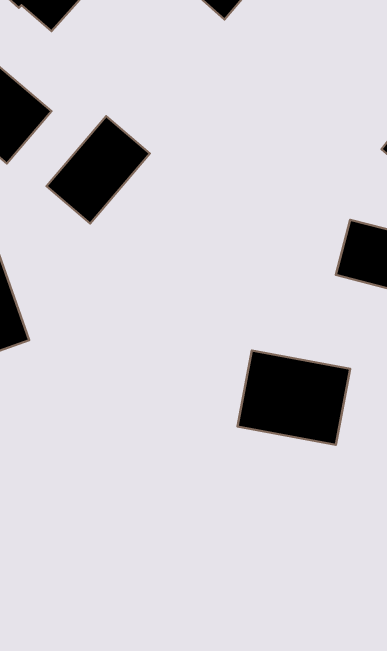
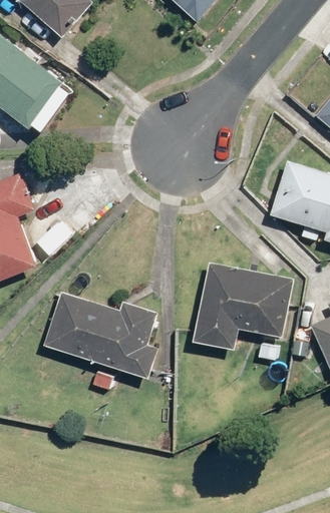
building: [46,116,150,223] -> none
building: none -> [55,301,155,365]

